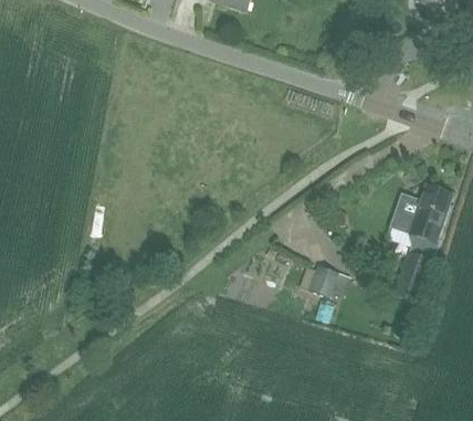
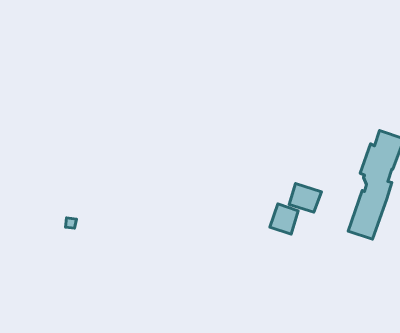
building: none -> [289,183,321,212]

